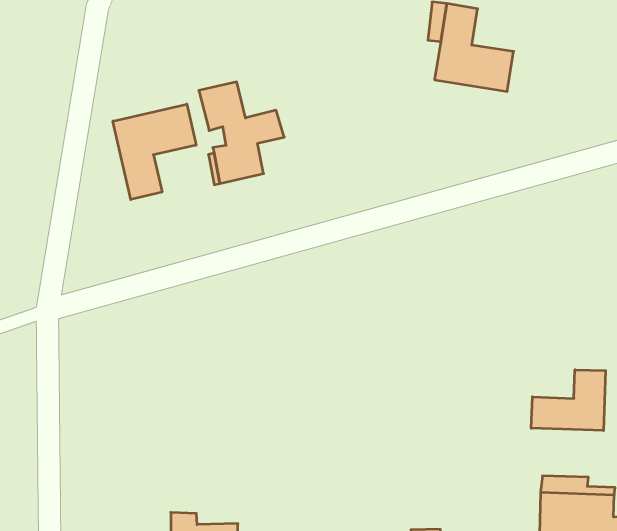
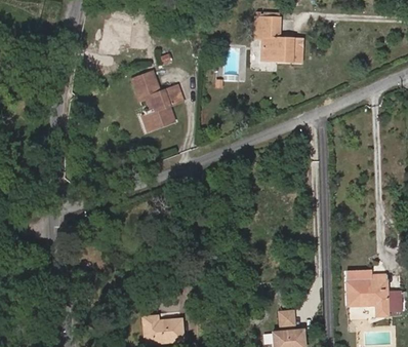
building: [113,104,196,200] -> none
building: [531,370,606,431] -> none

